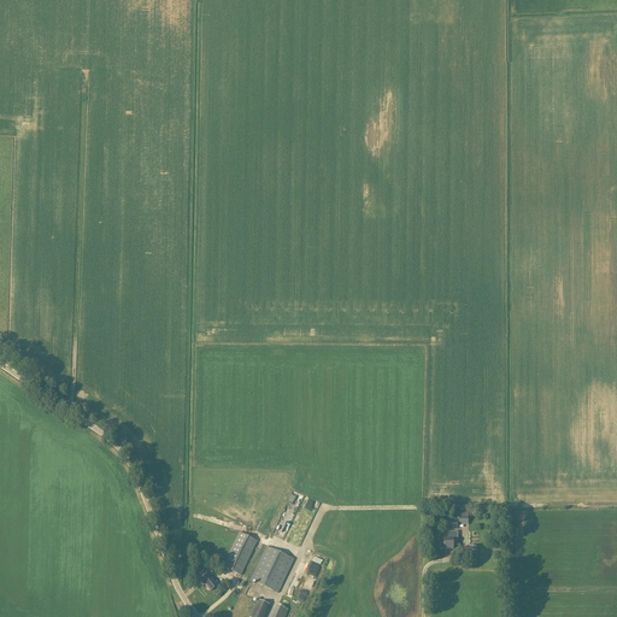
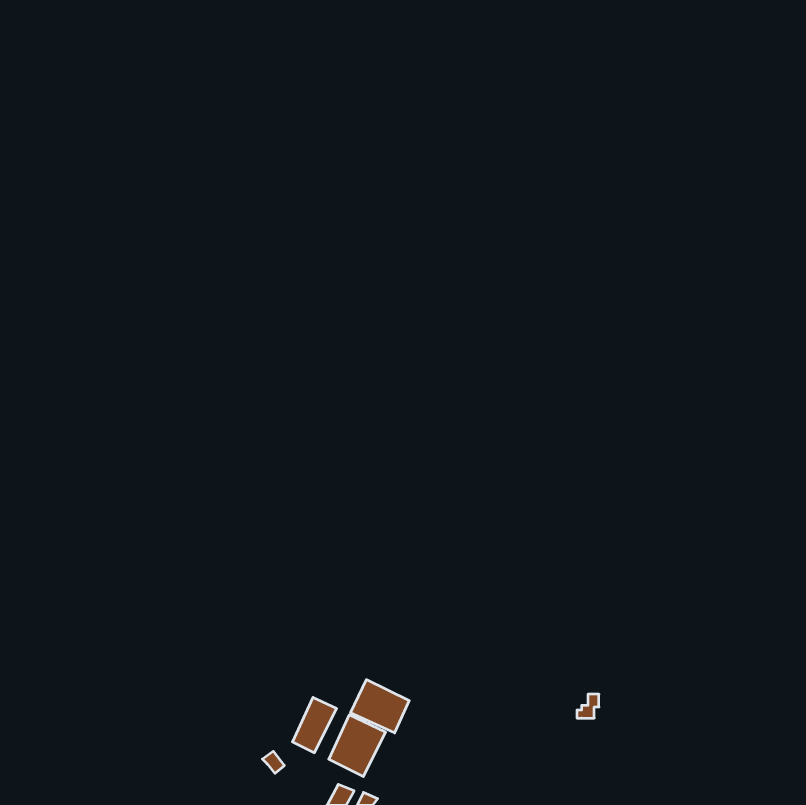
building: none -> [351,680,409,733]

